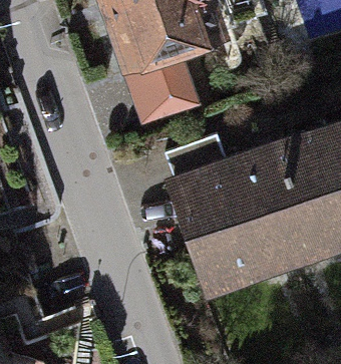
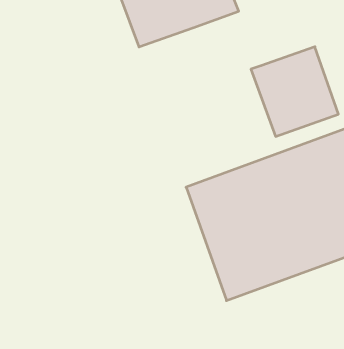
building: [121,45,200,125] -> [251,47,338,136]

